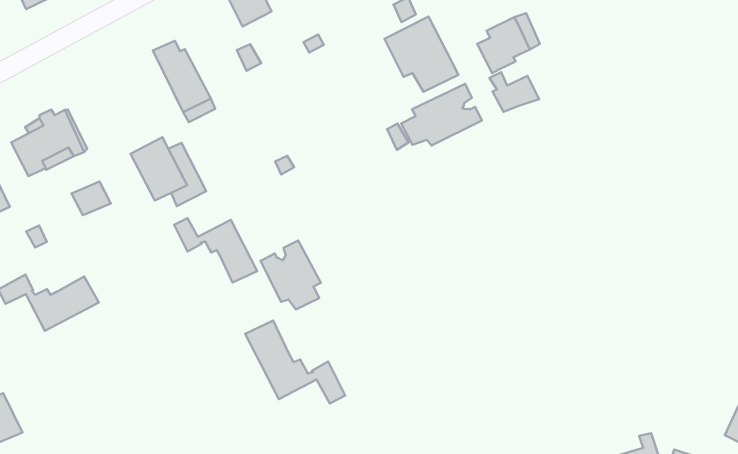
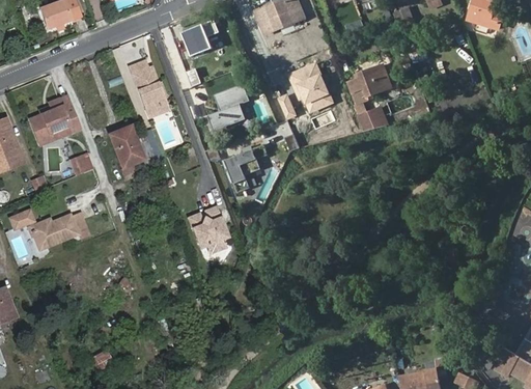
building: none -> [209,83,250,131]
building: [401,84,482,145] -> none
building: none -> [224,149,264,192]
building: [174,218,257,283] -> none
building: [245,321,345,403] -> none

